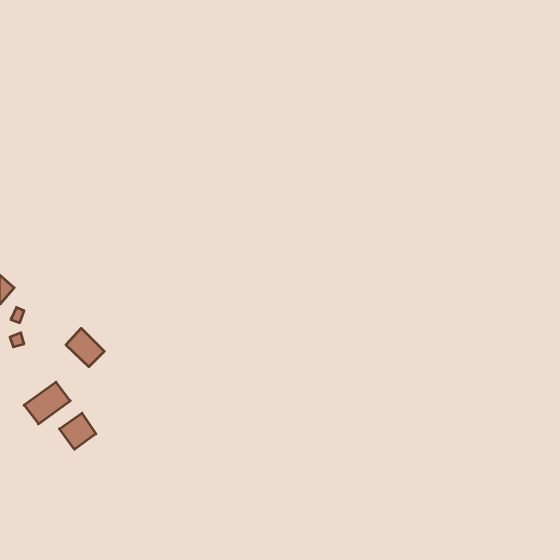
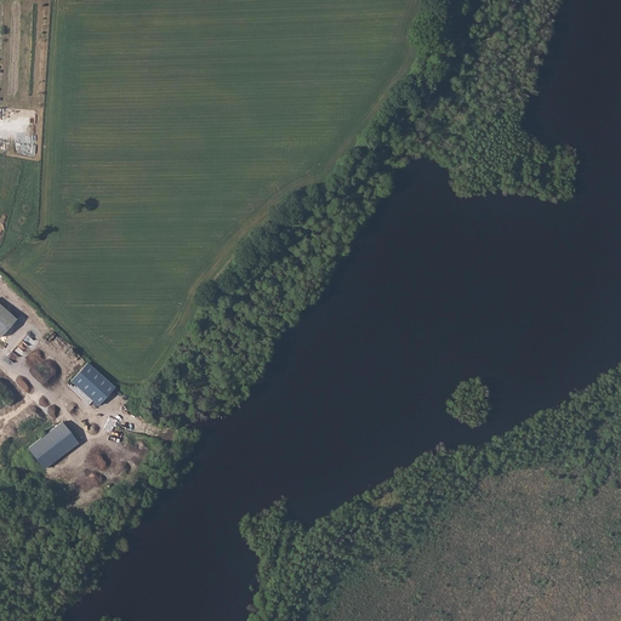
building: [59,413,96,449] -> none

